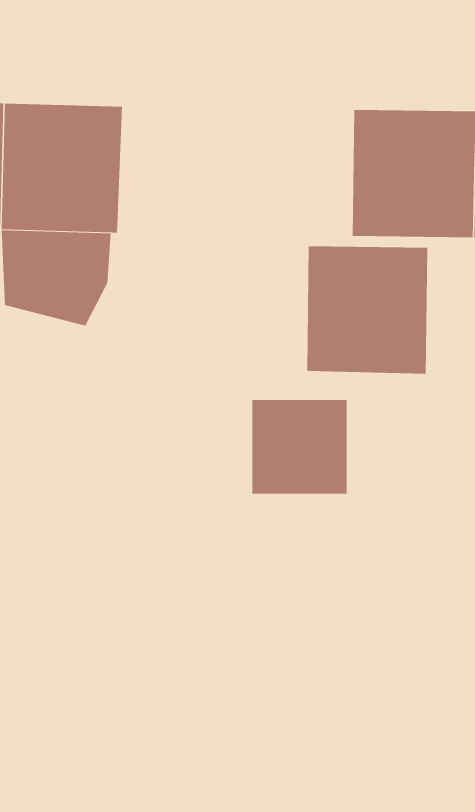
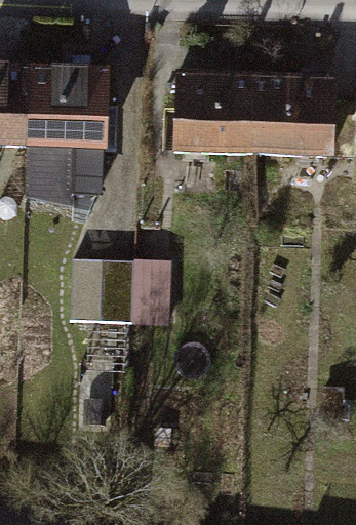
building: [306,246,428,374] -> [173,72,251,154]
building: [251,399,347,494] -> [71,264,132,324]

